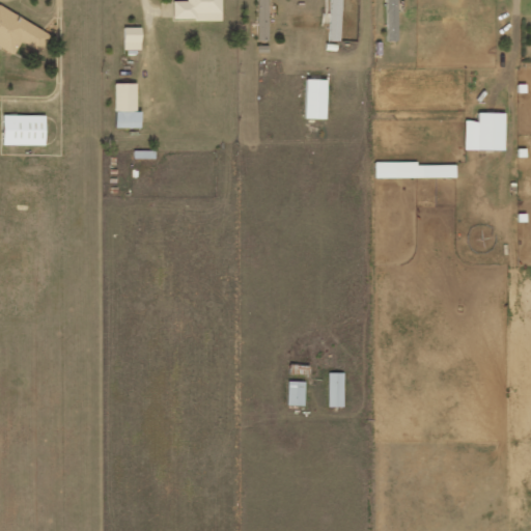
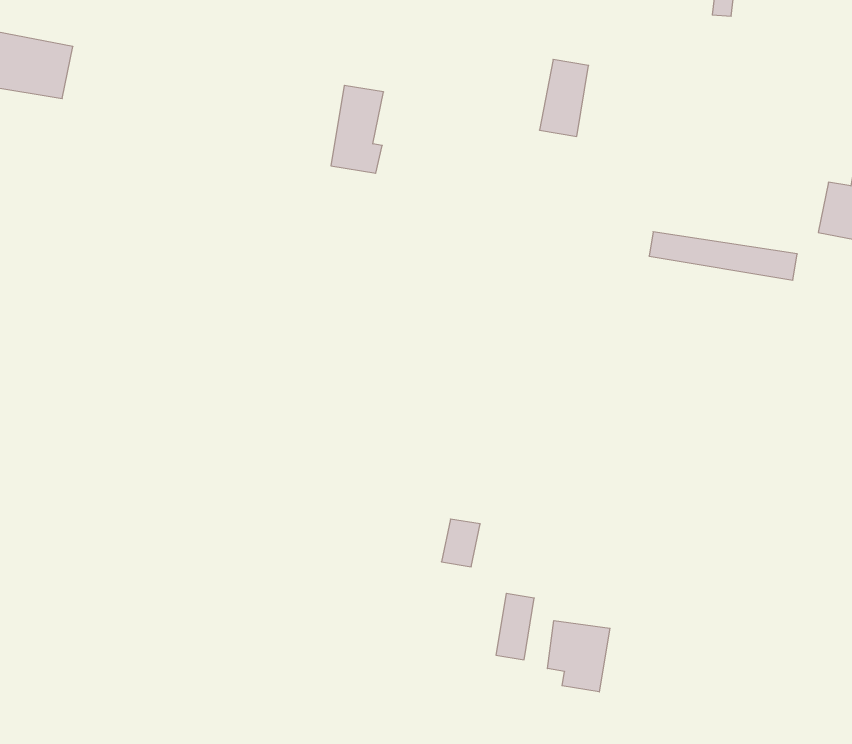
building: [116,82,142,127] -> [331,85,384,173]
building: [288,381,306,404] -> [441,519,480,567]
building: none -> [547,621,610,692]

